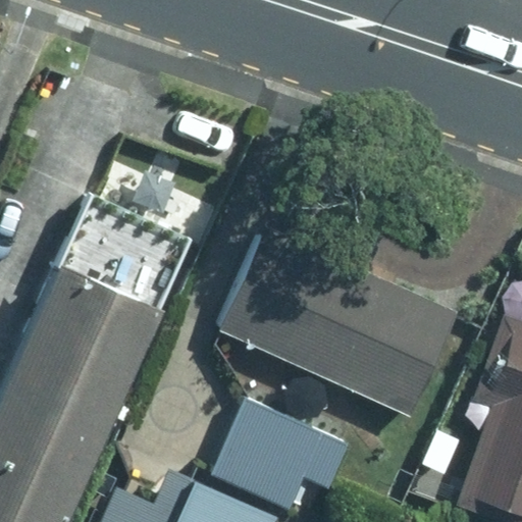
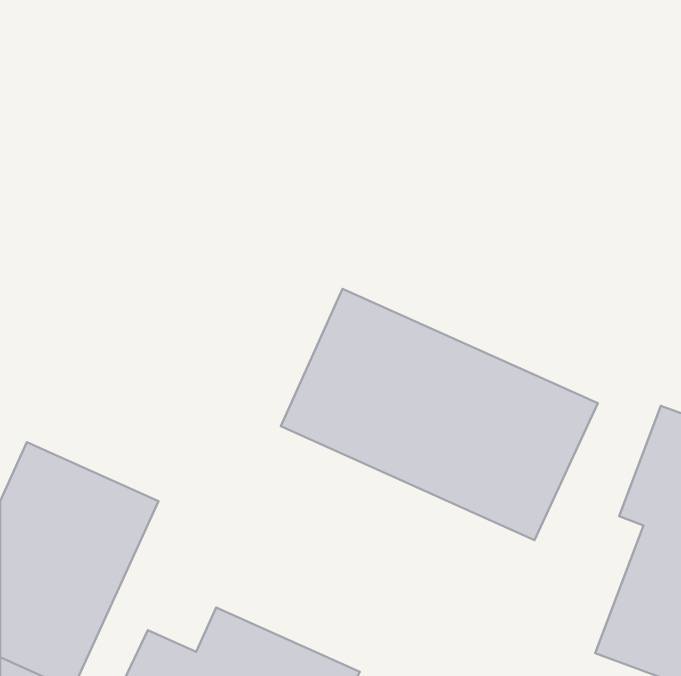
building: [24,201,189,388] -> none
building: [209,399,349,510] -> none

